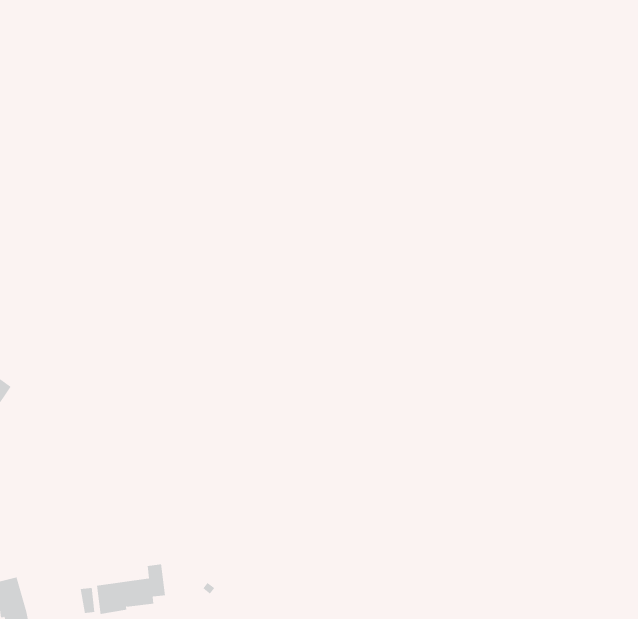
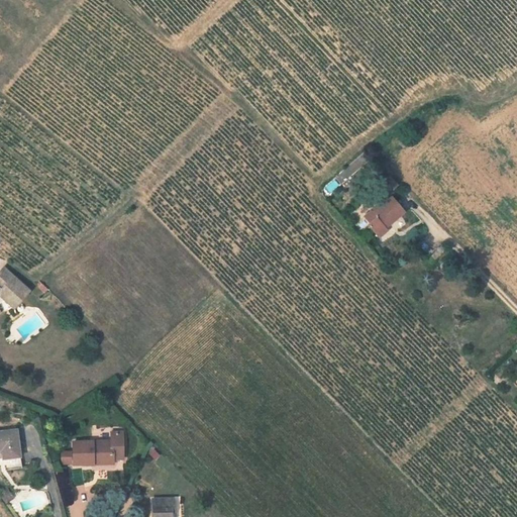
building: none -> [365,196,405,237]

